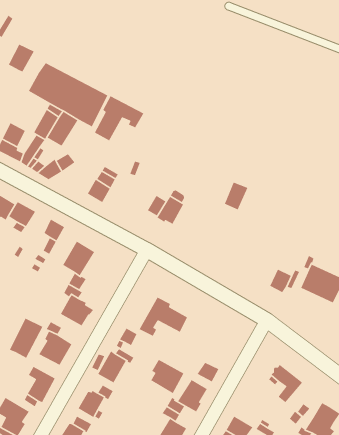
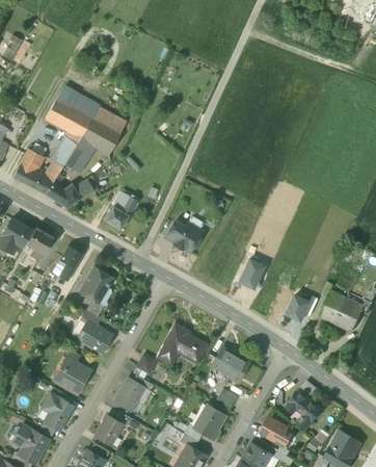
building: [8,44,35,73] -> none
building: [94,95,144,142] -> none
building: [224,181,249,210] -> [240,260,265,289]
building: [8,318,43,359] -> none
building: [150,359,184,394] -> [215,347,249,383]
building: none -> [261,417,290,446]

